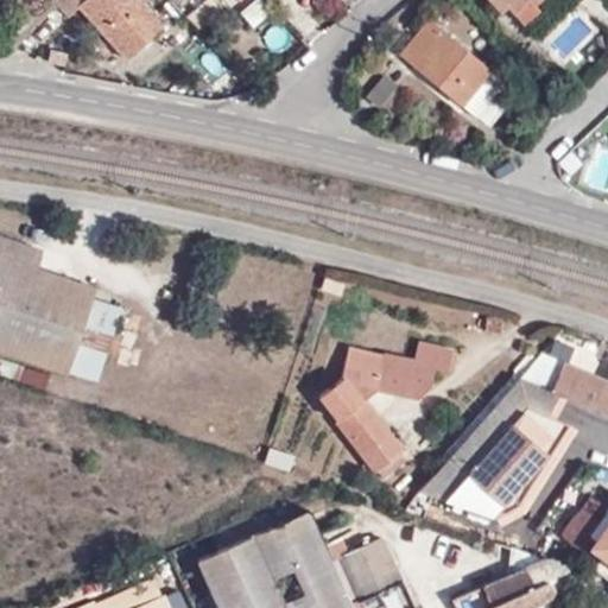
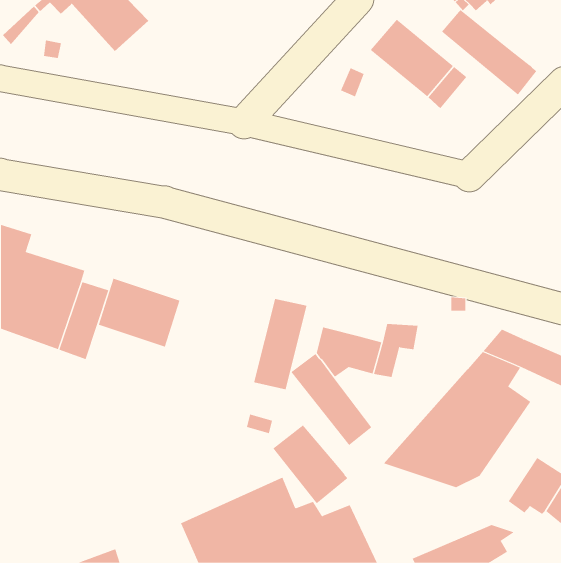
building: none -> [441,9,537,96]
building: none -> [98,278,180,348]
building: none -> [254,298,307,390]
building: none -> [272,425,348,504]

